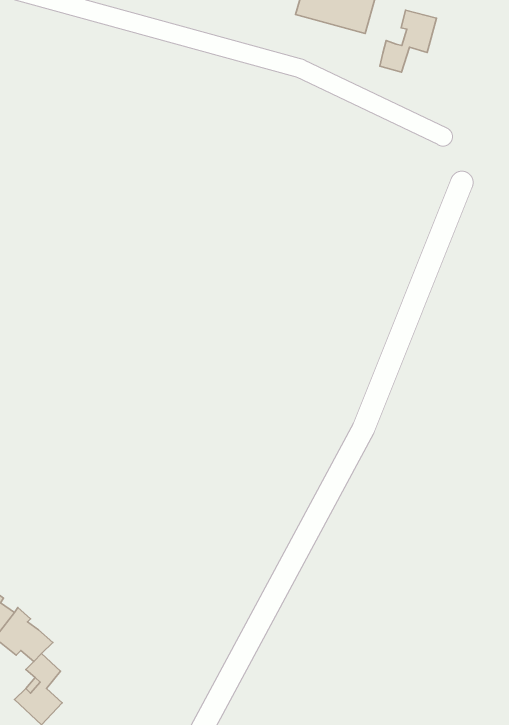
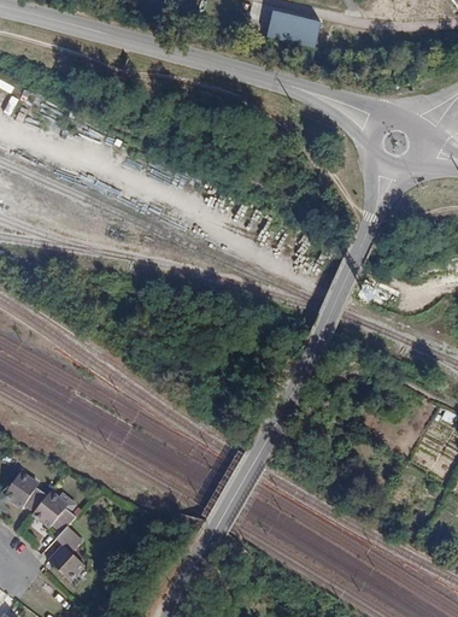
building: [380,10,437,72] -> none

